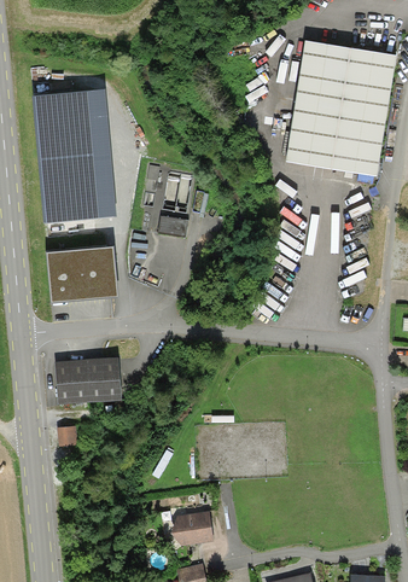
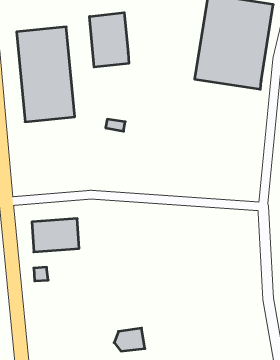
building: none -> [90,13,129,67]
building: [48,245,116,299] -> none

